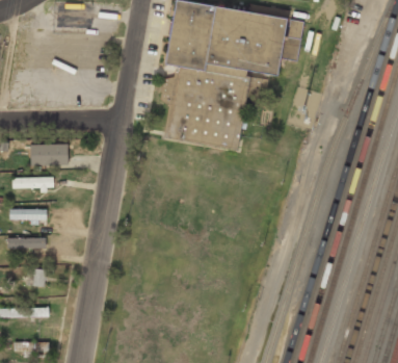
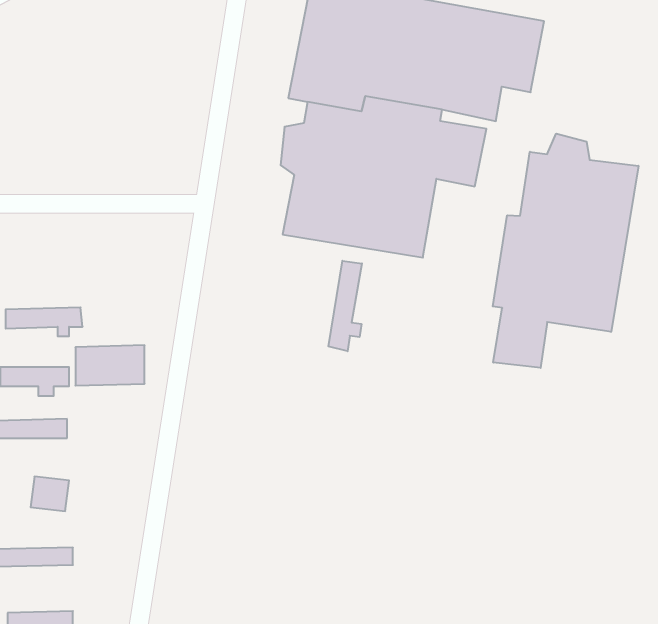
building: none -> [493,134,638,368]
building: [29,144,67,165] -> [75,345,145,386]
building: none -> [328,261,362,351]

